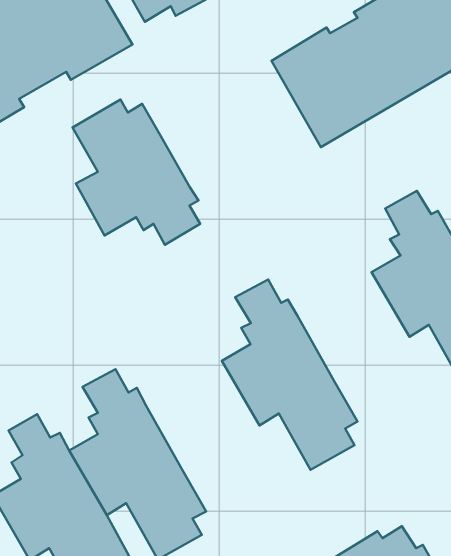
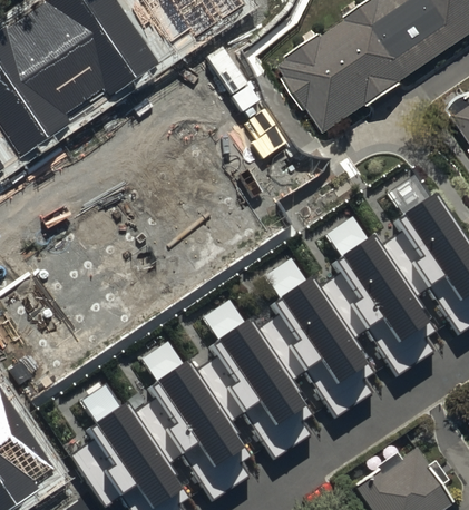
building: [72,100,200,245] -> none
building: none -> [314,210,432,369]
building: none -> [192,295,311,453]

